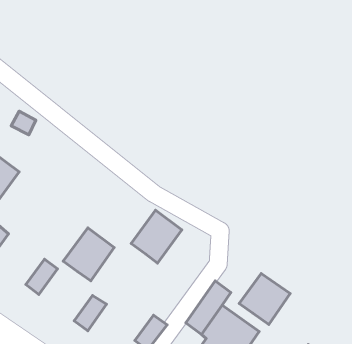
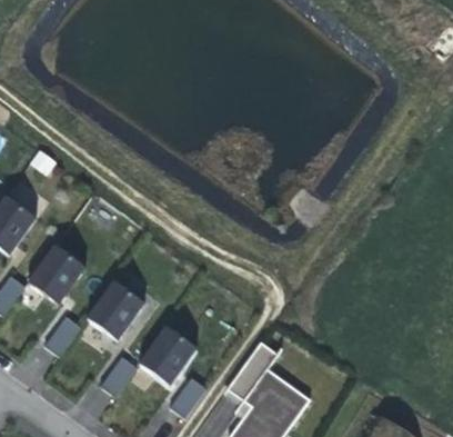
building: none -> [28,245,85,304]
building: [131,210,182,263] -> [139,326,197,386]
building: [239,274,290,324] -> none

